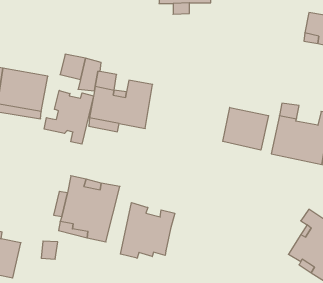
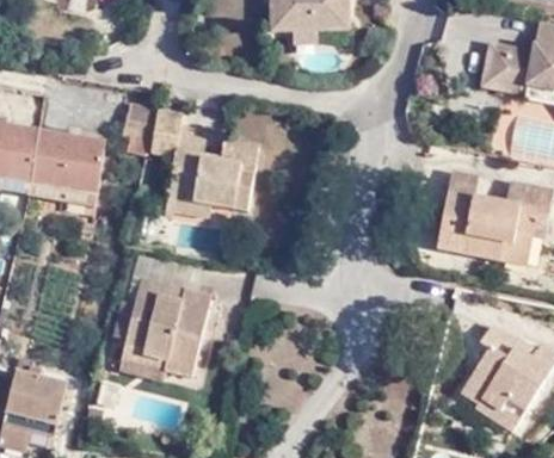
building: [44,90,94,144] -> none
building: [223,107,269,150] -> none
building: [120,203,175,258] -> none

